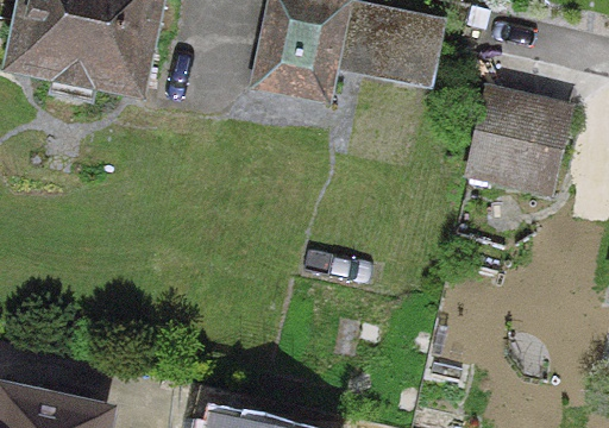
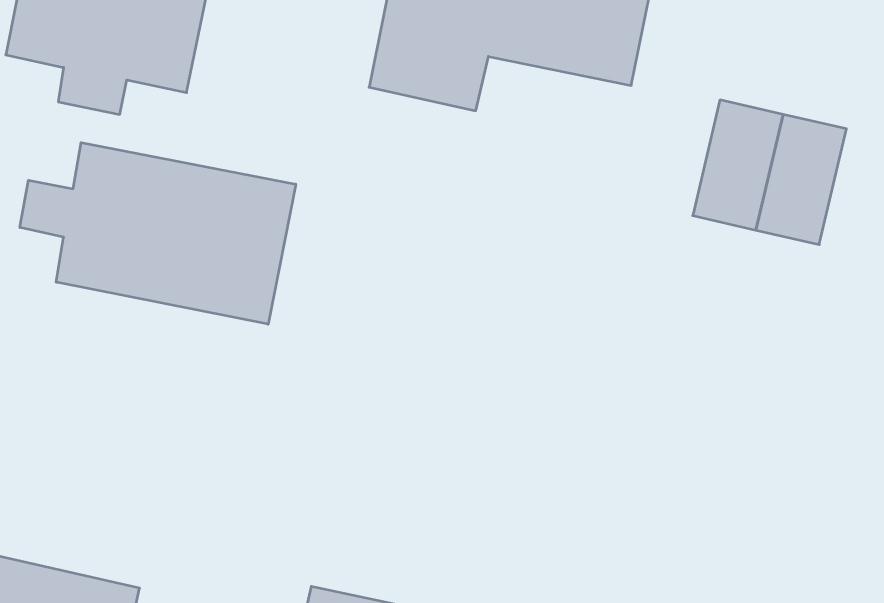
building: none -> [20,143,296,324]

